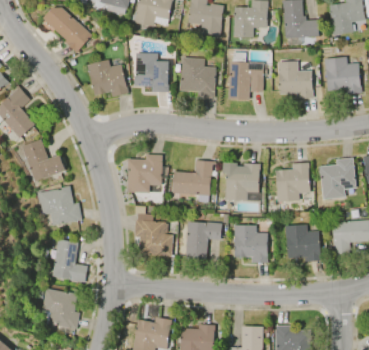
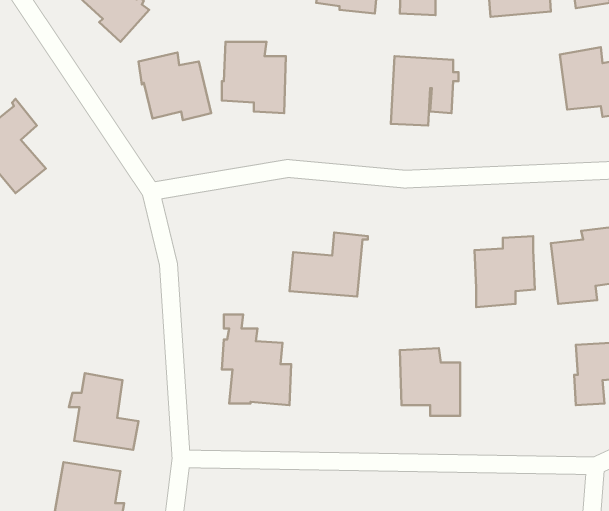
building: [180,57,217,98] -> none
building: [278,61,313,99] -> none
building: [21,140,66,181] -> none
building: [127,154,164,193] -> none
building: [223,163,260,200] -> none
building: [37,185,82,225] -> none
building: [186,222,223,261] -> none
building: [286,225,322,262] -> none

